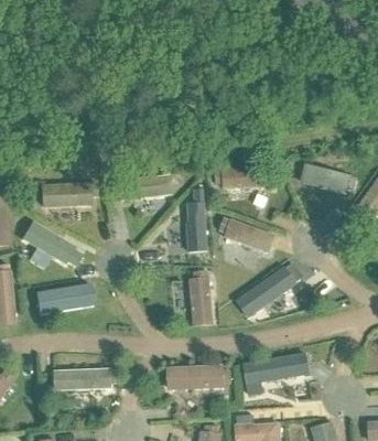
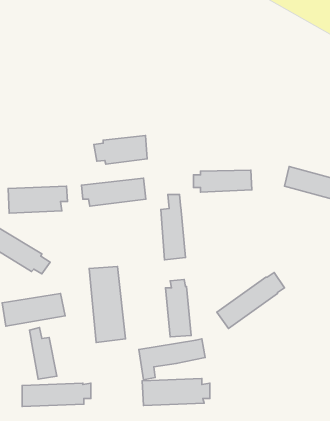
building: none -> [94,135,147,164]
building: [220,217,276,252] -> none
building: none -> [89,267,126,343]
building: none -> [29,328,57,379]
building: [245,355,307,394] -> [139,339,205,380]

